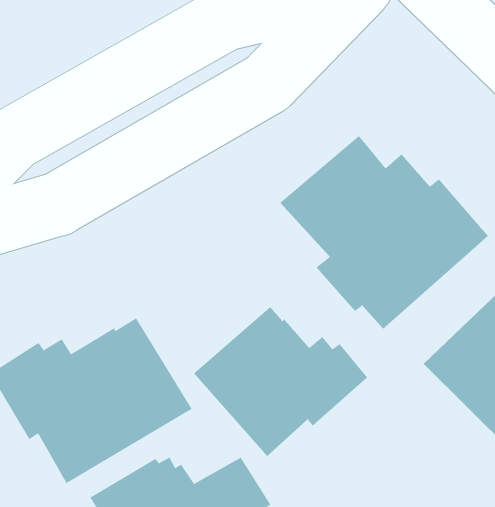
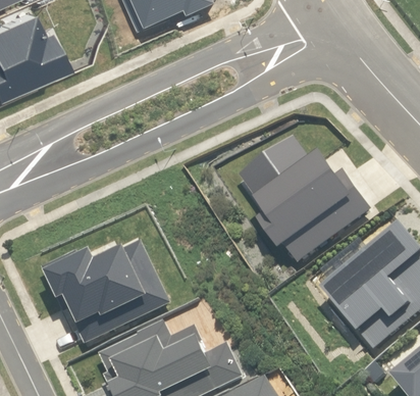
building: [193,306,368,457] -> none

